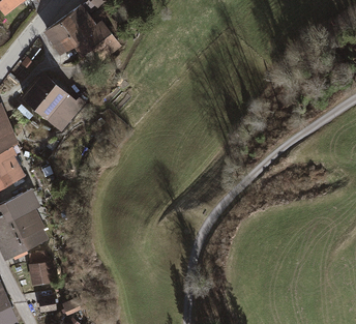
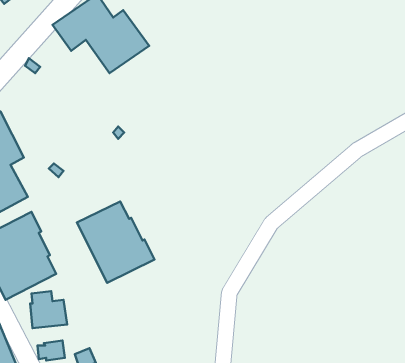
building: [22,72,88,134] -> none
building: none -> [77,201,155,283]

